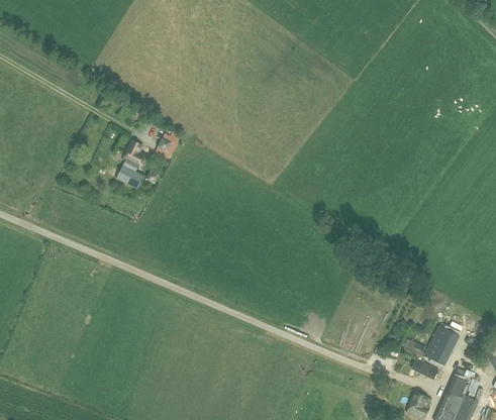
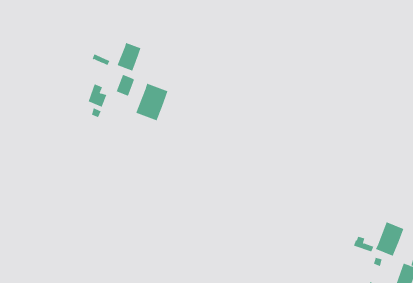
building: none -> [117,42,141,71]
building: none -> [135,83,168,121]

